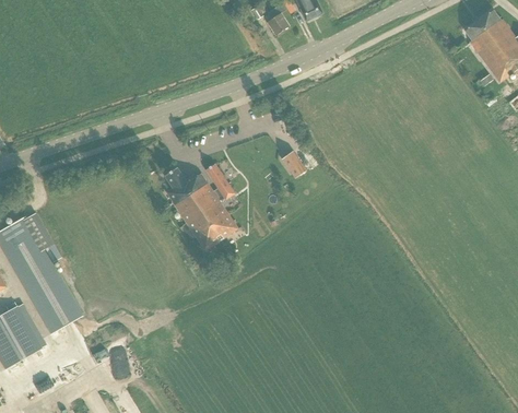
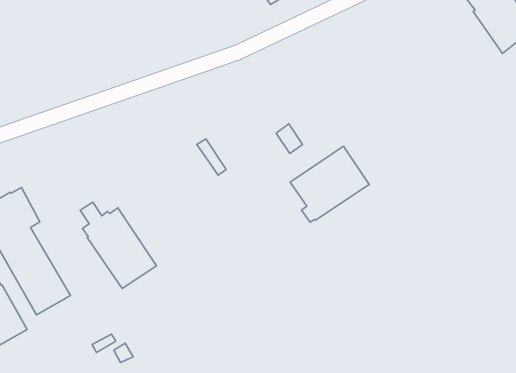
building: [164,167,237,250] -> [80,202,156,289]
building: none -> [290,146,369,222]

